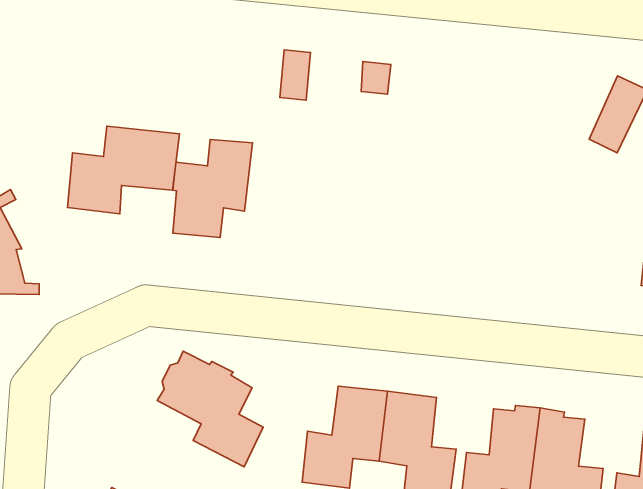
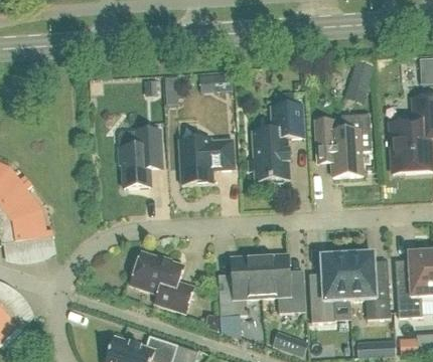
building: [67,126,179,214] -> none
building: none -> [247,104,303,181]
building: none -> [178,138,234,184]
building: none -> [314,113,371,175]

